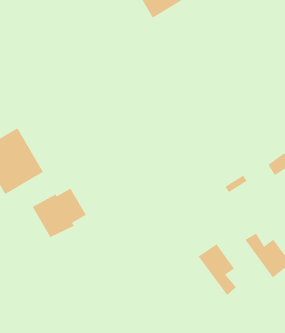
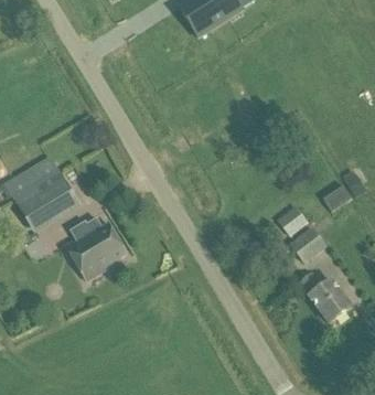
building: none -> [289,226,328,263]
building: [198,244,236,296] -> none

